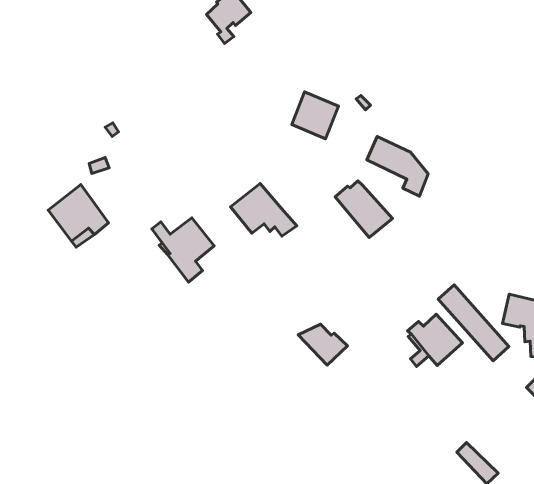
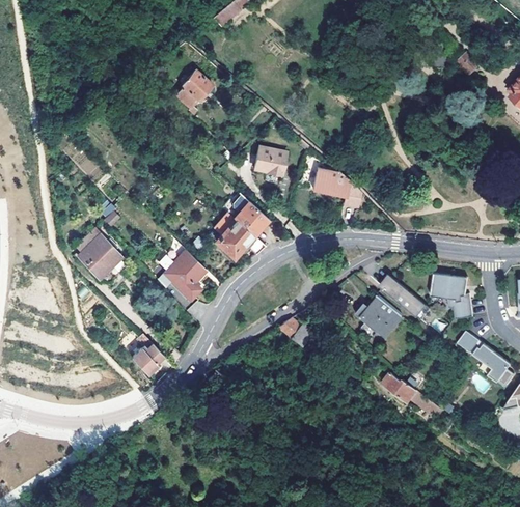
building: [335,181,393,237] -> [223,193,269,234]
building: none -> [133,345,165,374]
building: none -> [382,372,417,403]

